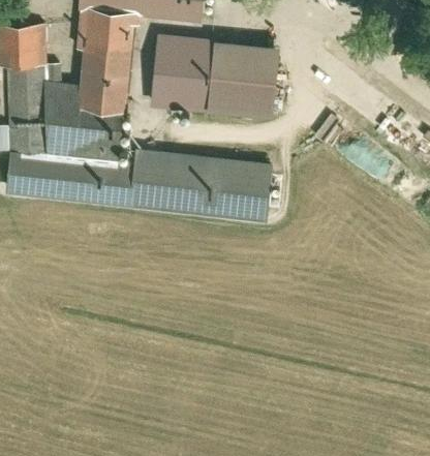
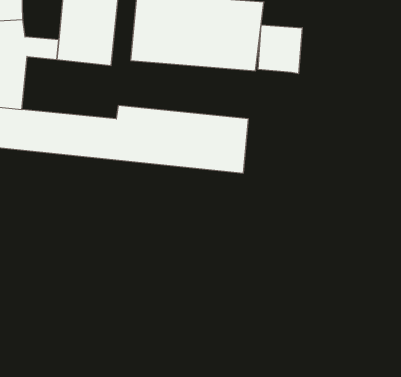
building: none -> [258,25,302,74]
building: [39,102,129,164] -> none

